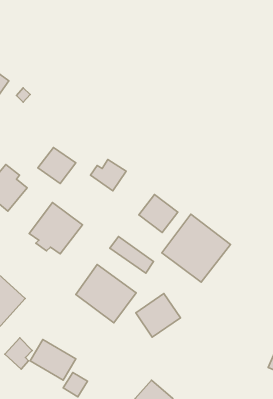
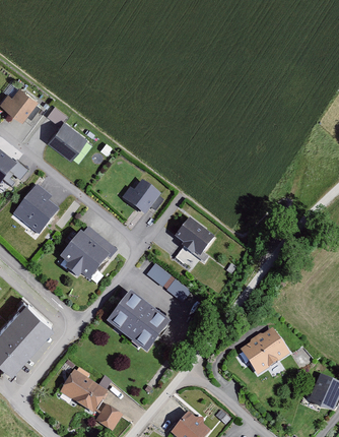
building: [38,147,76,183] -> [46,121,85,159]
building: [162,214,230,282] -> none
building: [136,294,180,337] -> [241,328,287,374]
building: [5,338,32,369] -> none

